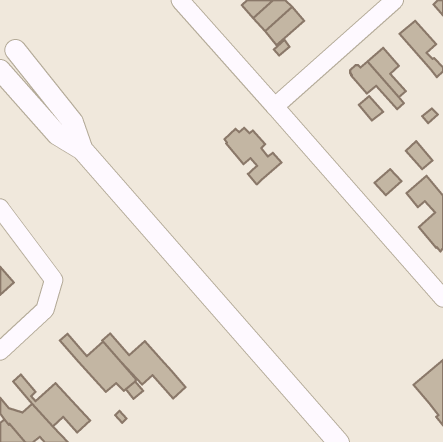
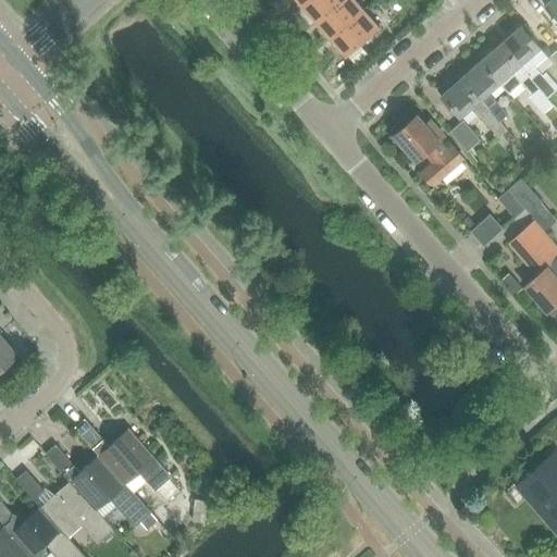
building: none -> [481,44,541,96]
building: [224,128,282,184] -> [392,116,463,187]
building: [102,333,185,398] -> [46,446,150,528]

